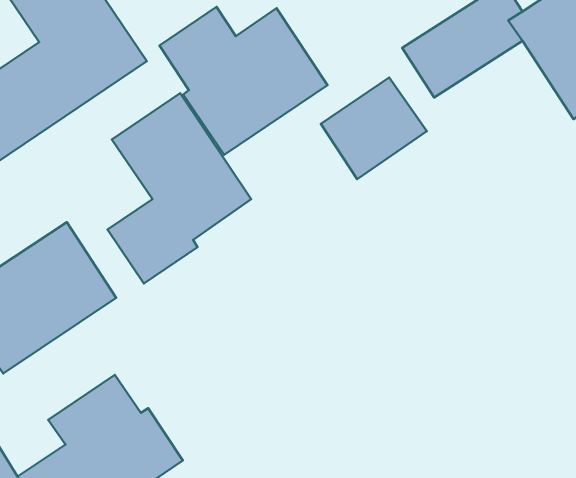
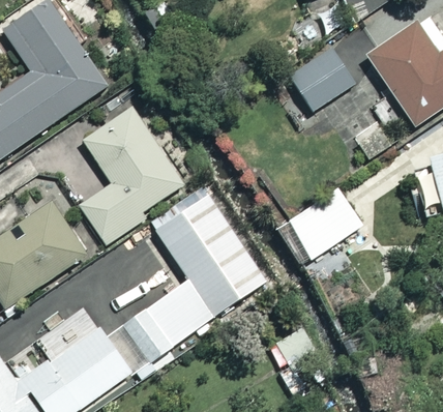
building: [159,7,327,155] -> none
building: [321,77,427,179] -> [287,186,362,259]
building: none -> [124,189,266,358]

